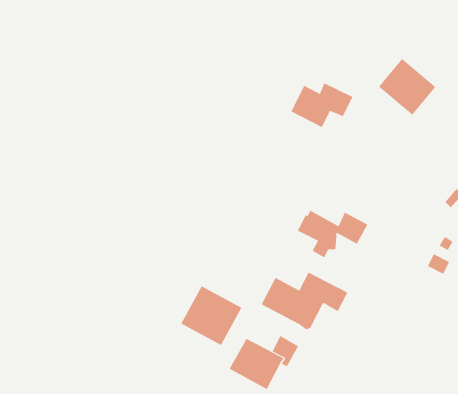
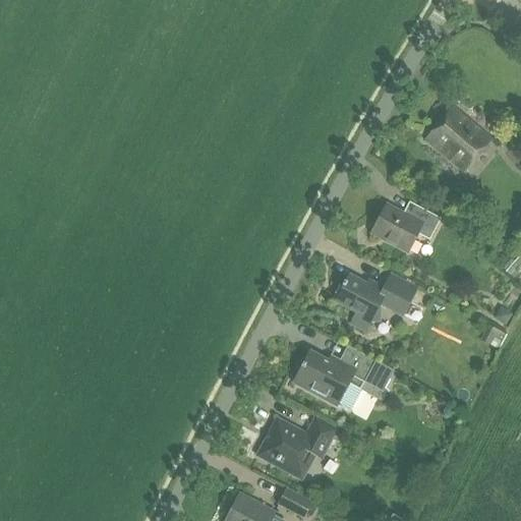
building: [290,82,353,128] -> [370,199,441,250]
building: [180,285,242,346] -> none

